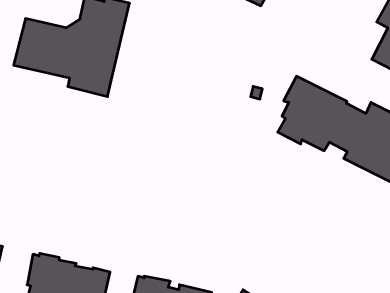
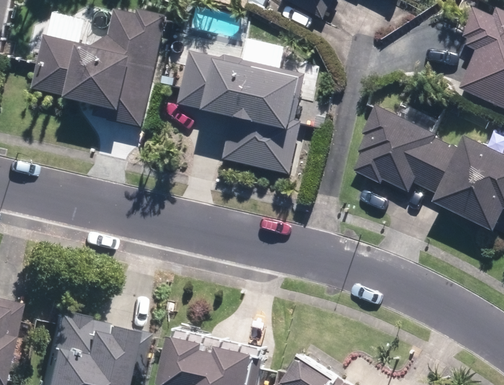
building: none -> [177,51,308,174]

